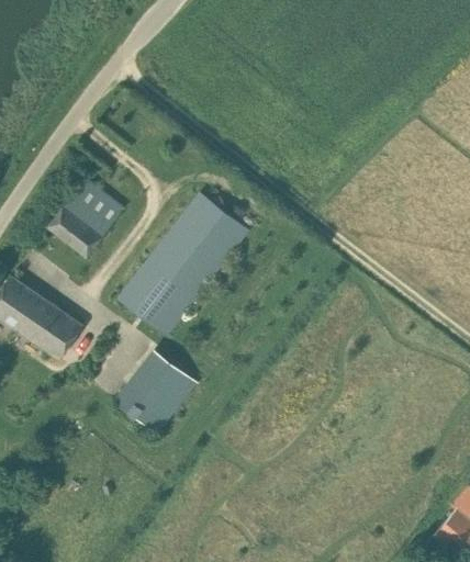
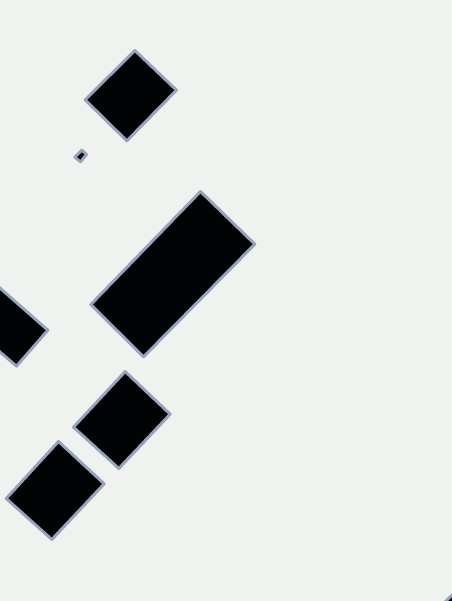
building: [47,178,124,256] -> [85,50,176,141]
building: none -> [6,441,104,540]

